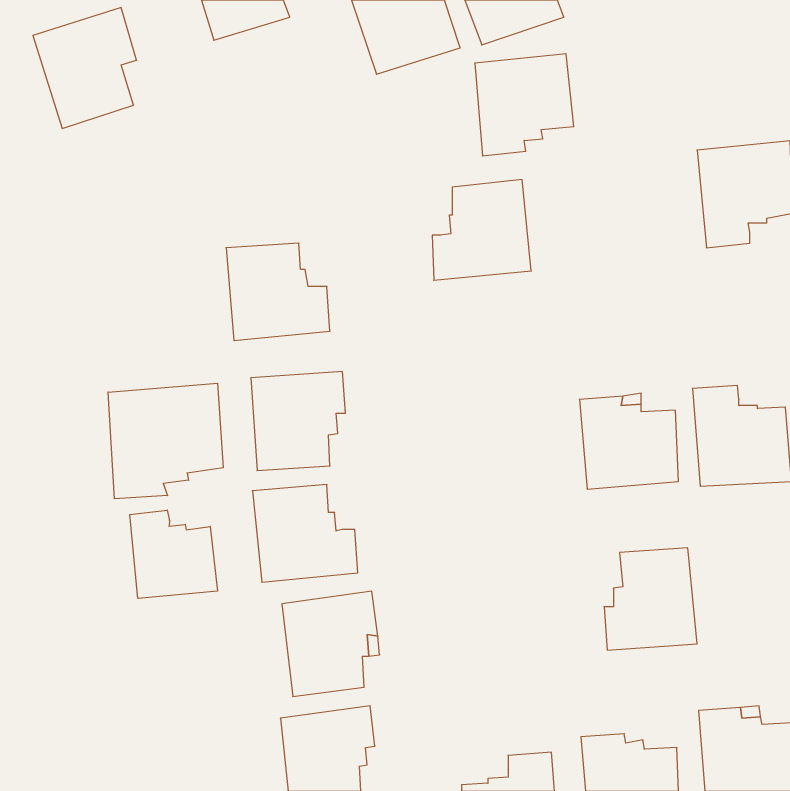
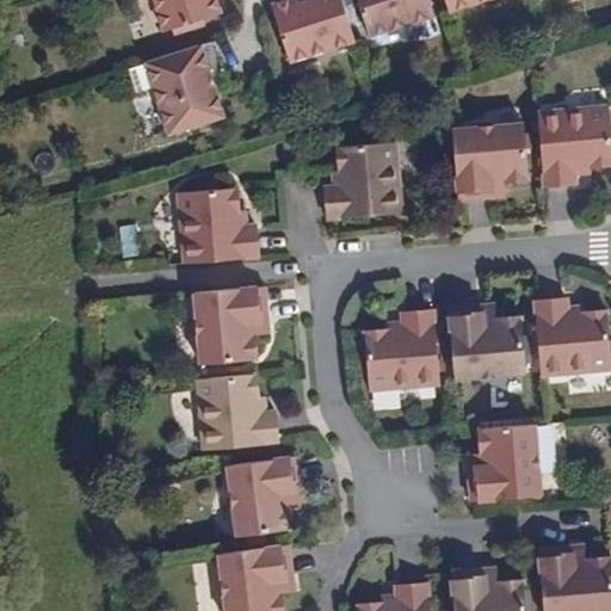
building: [33,8,137,128] -> [160,37,240,130]
building: [475,54,574,156] -> [451,121,527,199]
building: [108,383,223,499] -> none
building: none -> [365,310,438,390]
building: [130,510,217,598] -> none

